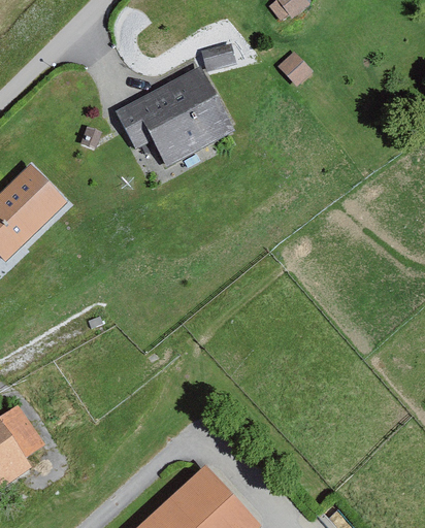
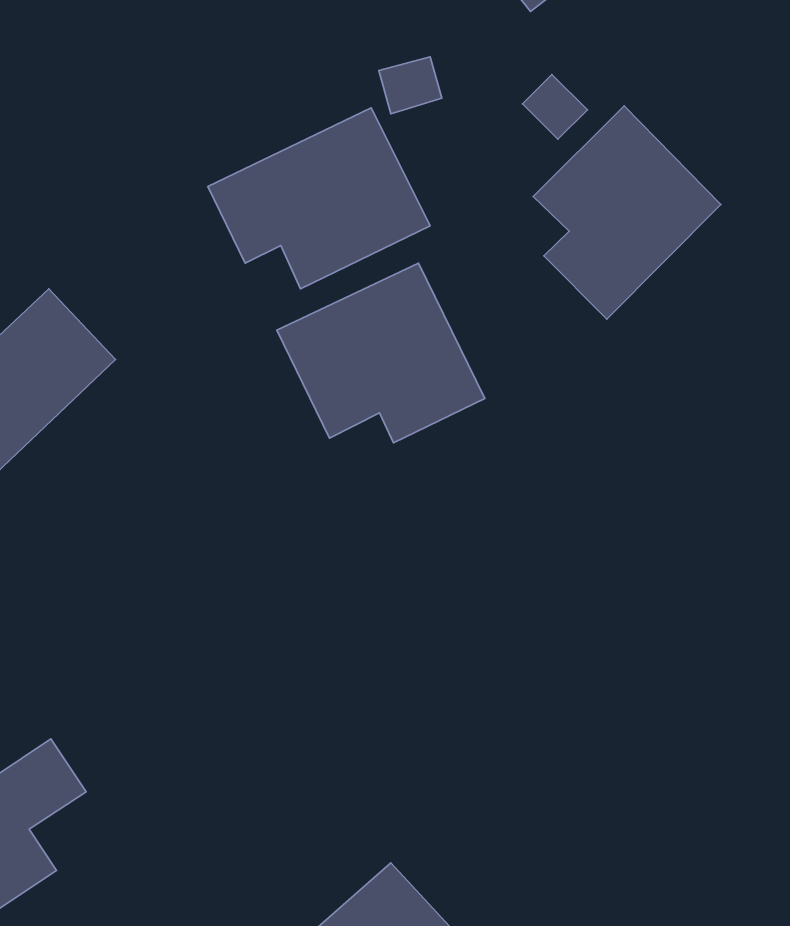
building: none -> [533,106,721,319]
building: none -> [277,263,485,443]

